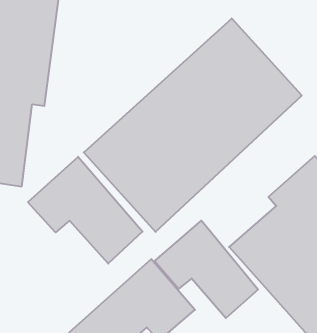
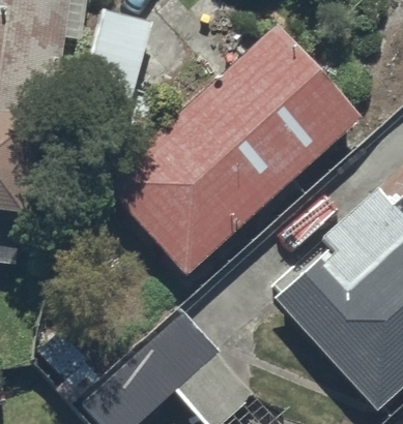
building: [28,157,143,264] -> none
building: [154,221,258,318] -> none

